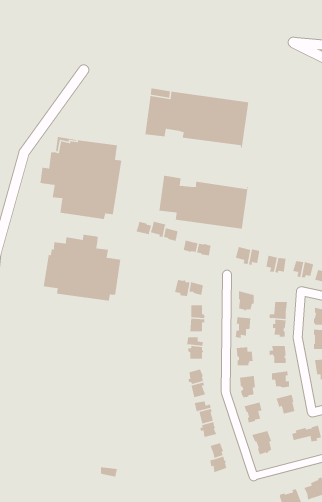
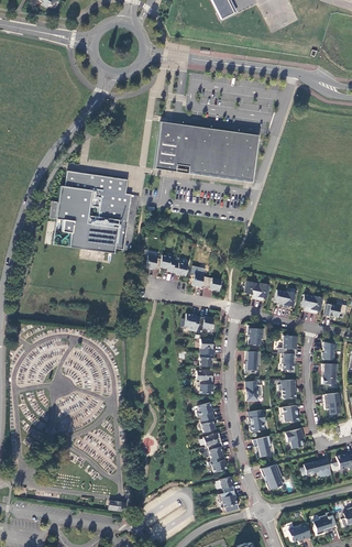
building: [158,175,248,230] -> none
building: [43,234,121,301] -> none

